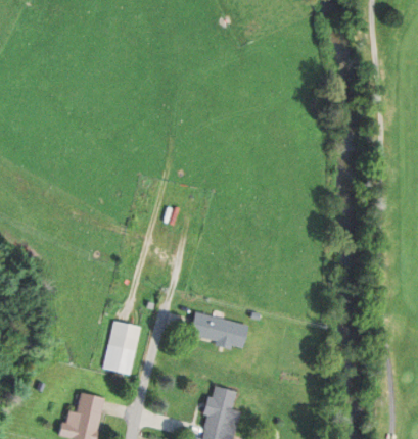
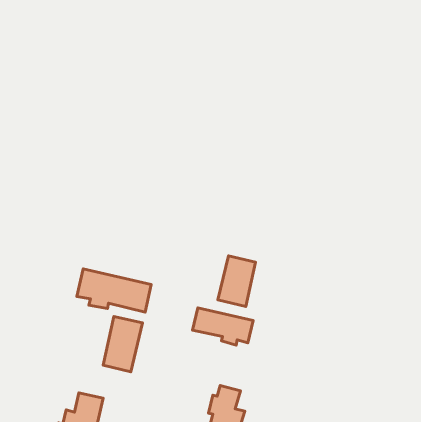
building: none -> [218,256,255,306]
building: none -> [77,269,151,312]

